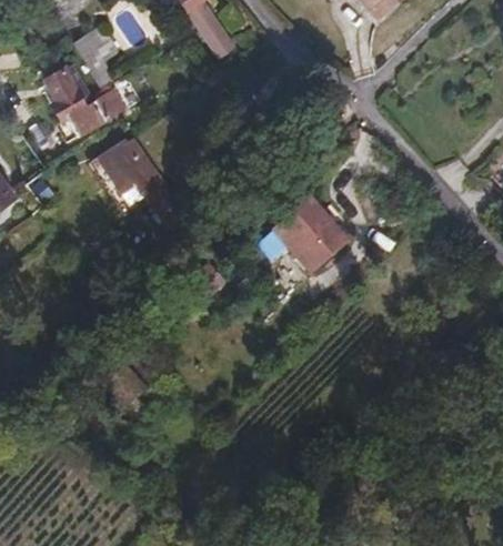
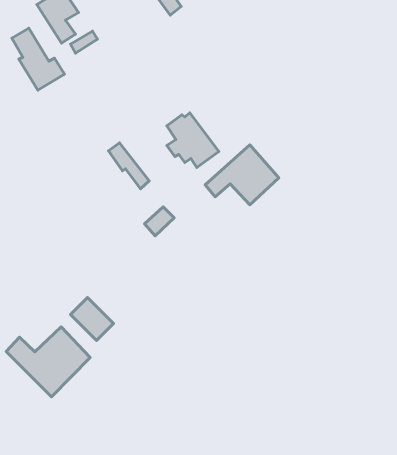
building: [108,137,165,198] -> [167,113,219,168]
building: none -> [6,327,90,397]

